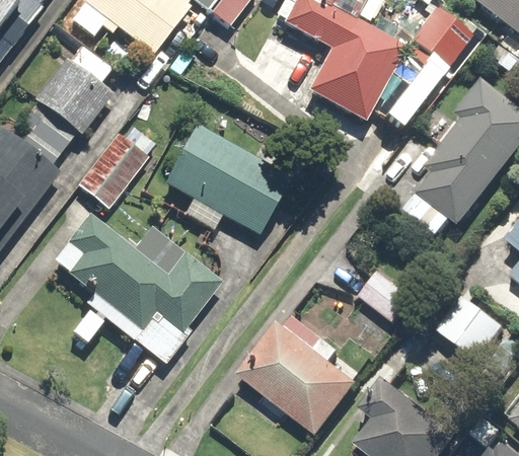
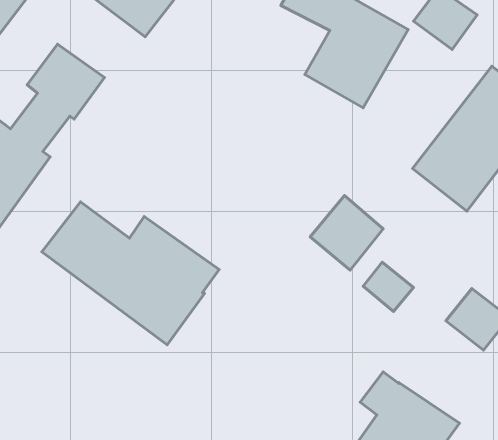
building: [165,126,288,230] -> none
building: [80,134,147,206] -> none
building: none -> [310,195,383,270]
building: [241,324,353,431] -> none

